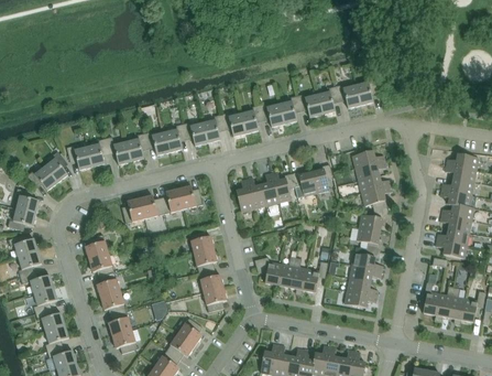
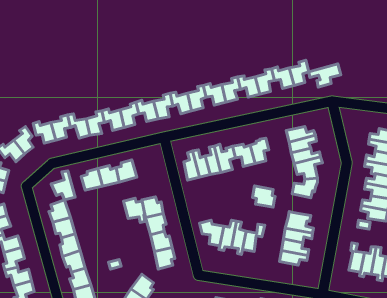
building: none -> [309,64,341,87]
building: [178,185,203,213] -> [123,198,145,223]
building: none -> [51,171,75,200]
building: [357,227,382,251] -> [253,186,275,207]

